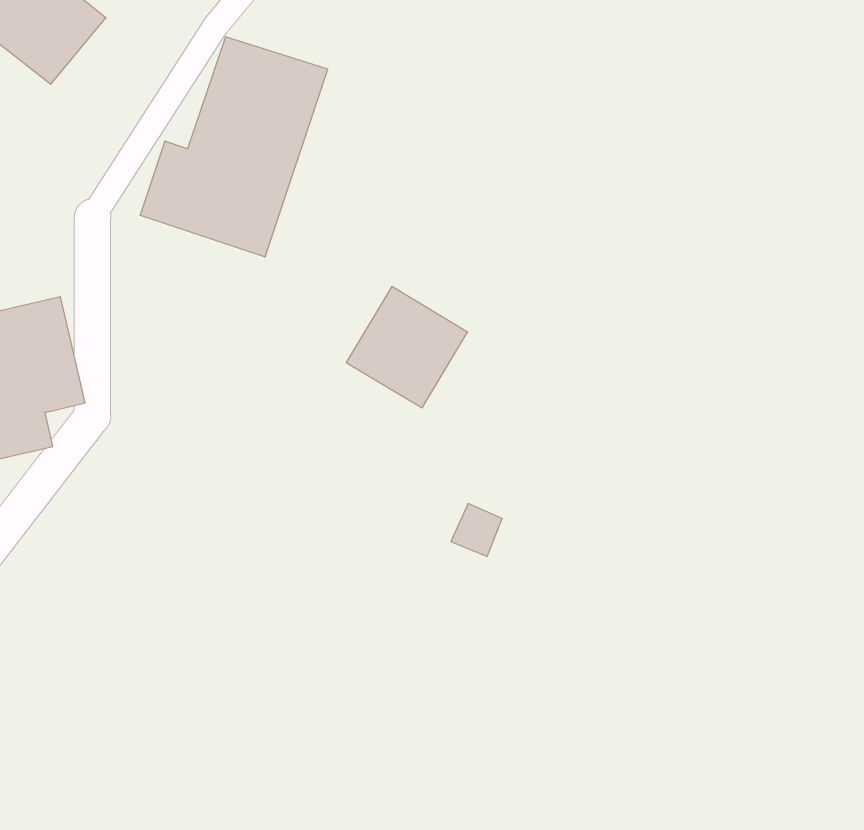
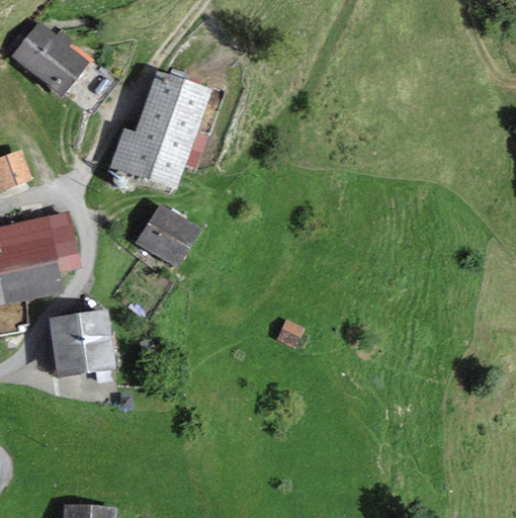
building: [346,287,468,408] -> [136,203,200,268]
building: none -> [49,310,115,377]

